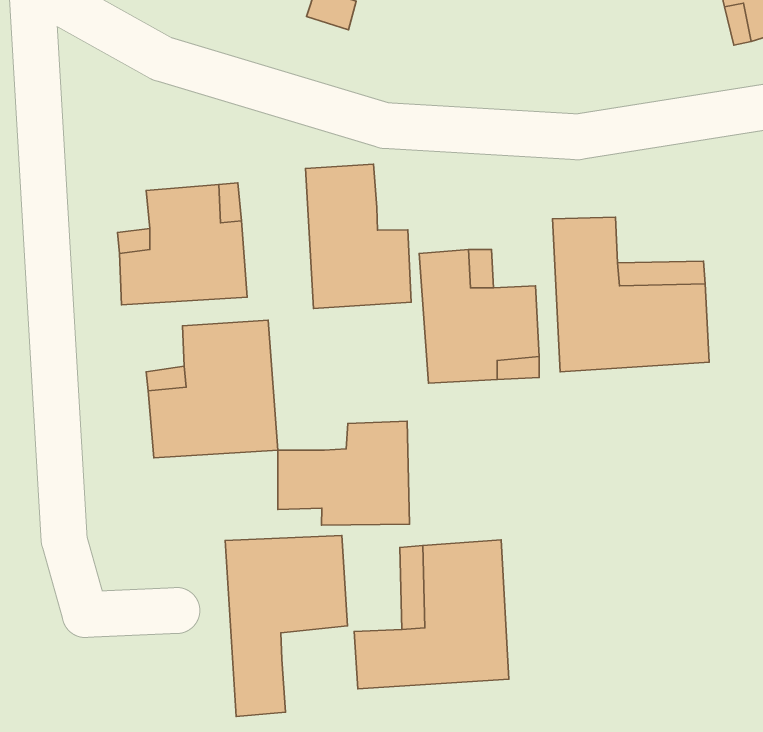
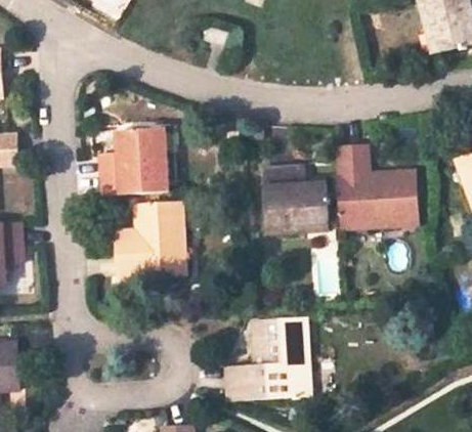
building: [306,164,411,309] -> none
building: [278,421,409,525] -> none
building: [225,535,348,717] -> none

